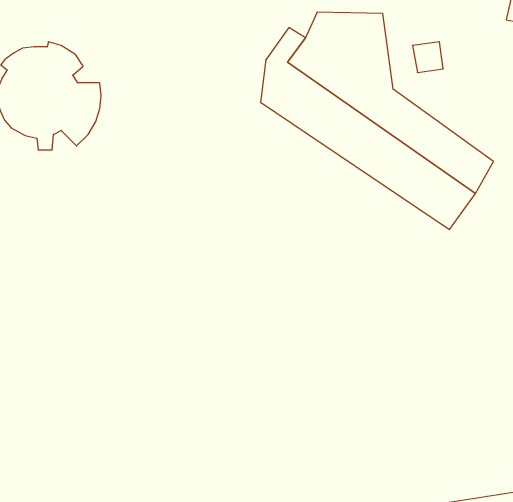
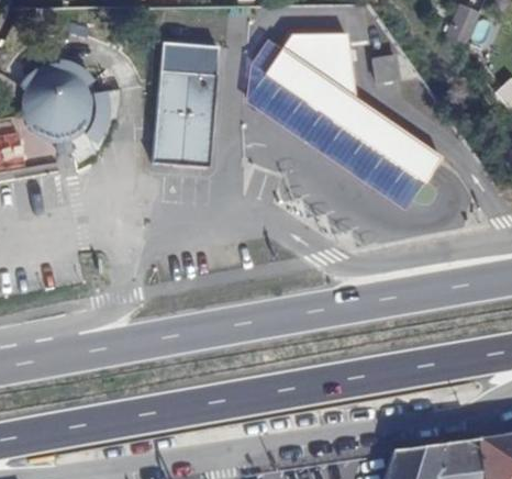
building: none -> [154,43,219,168]

